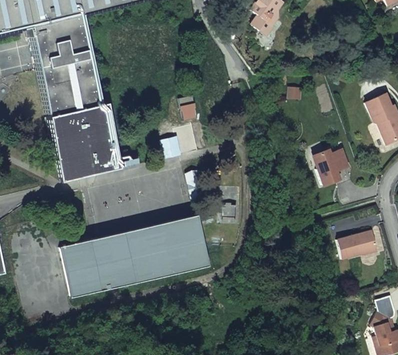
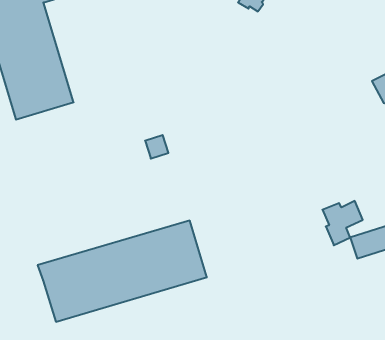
building: [47,104,121,182] -> none
building: [314,148,349,186] -> [322,201,363,245]

